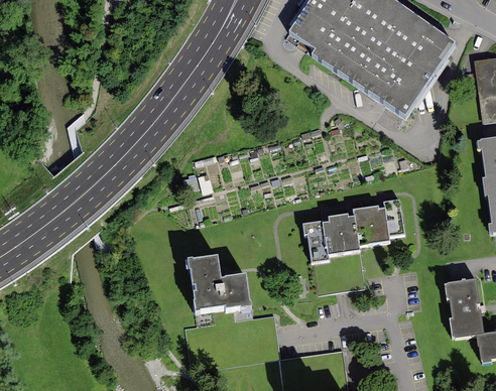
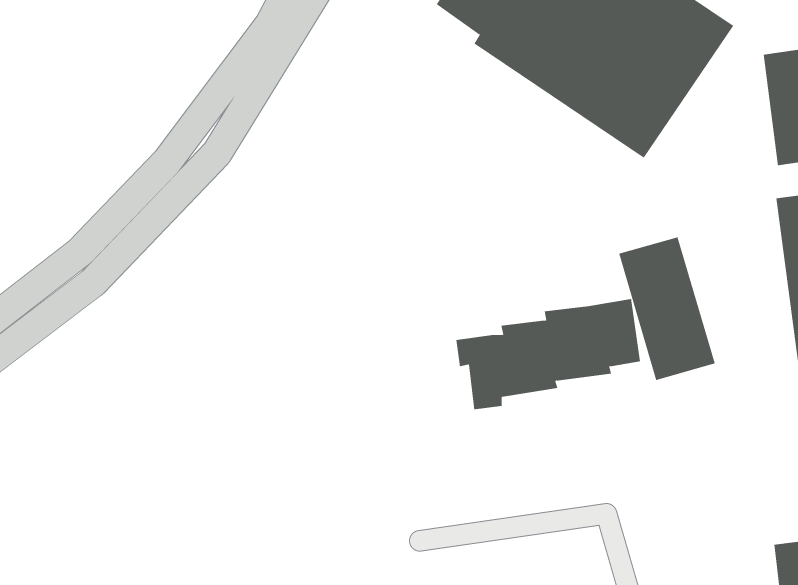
building: none -> [618,237,716,381]
building: [187,255,251,311] -> none
building: [448,280,485,337] -> none

